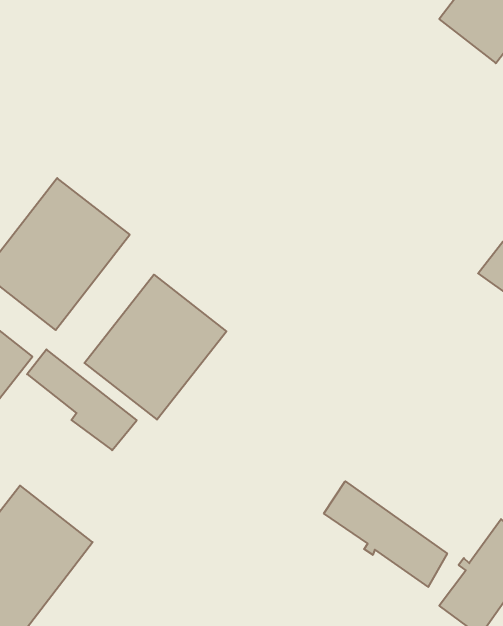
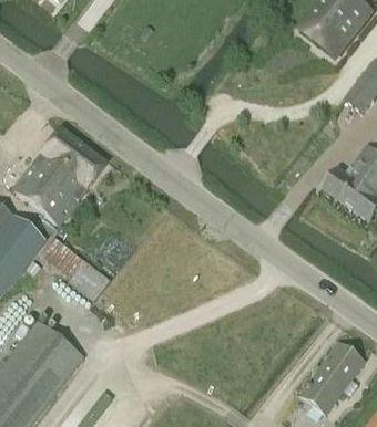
building: [84,275,226,420] -> none
building: [324,481,447,587] -> none

